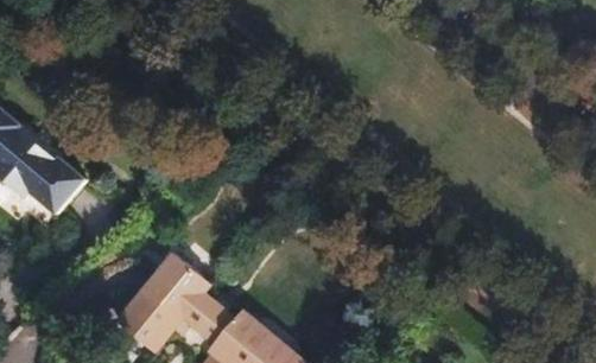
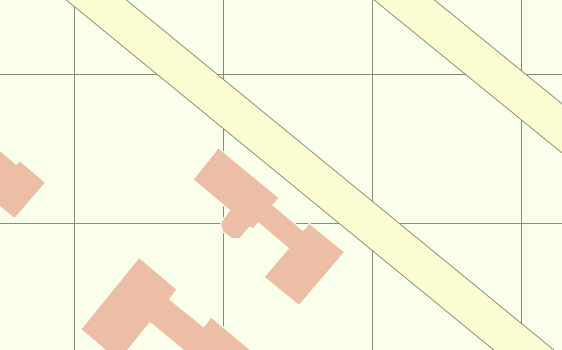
building: none -> [193,148,345,306]

